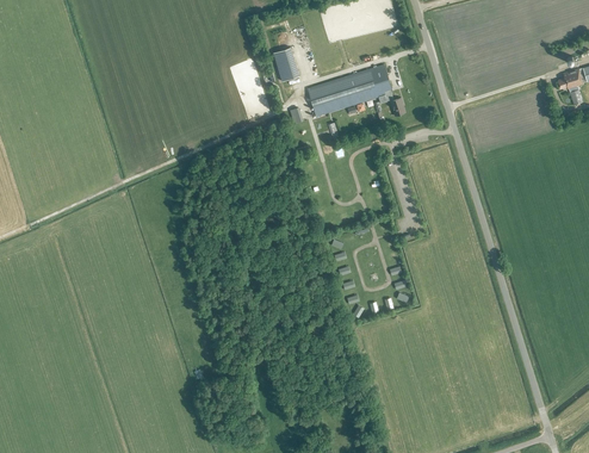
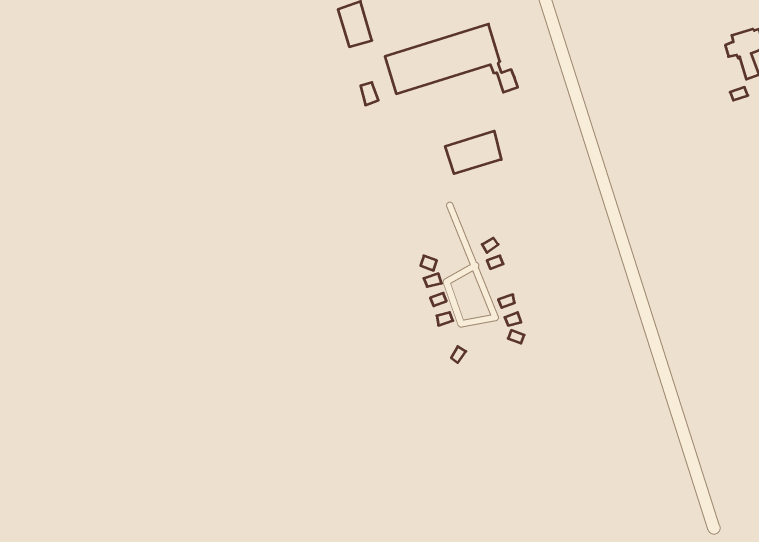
building: none -> [445,131,501,174]

